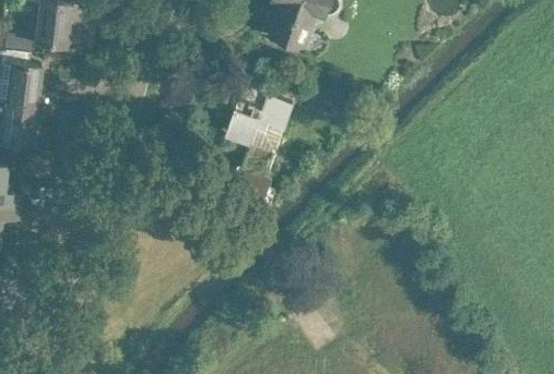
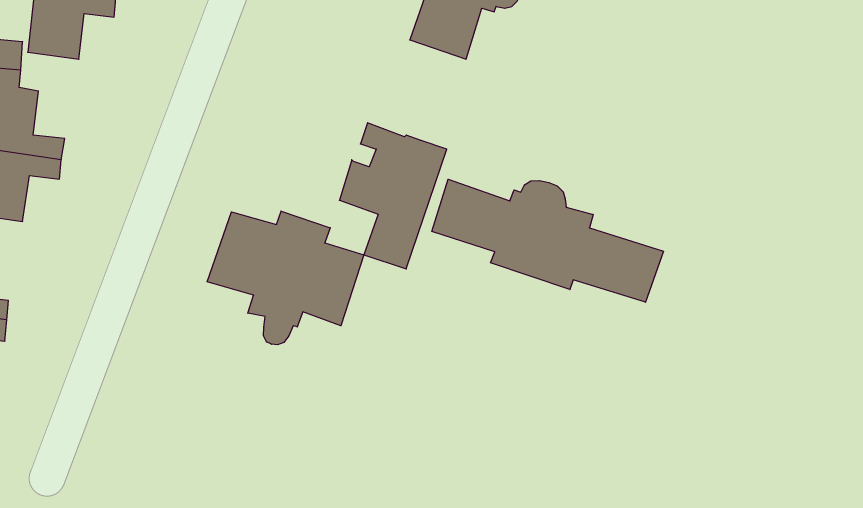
building: none -> [432,179,664,302]
building: none -> [207,211,364,345]

